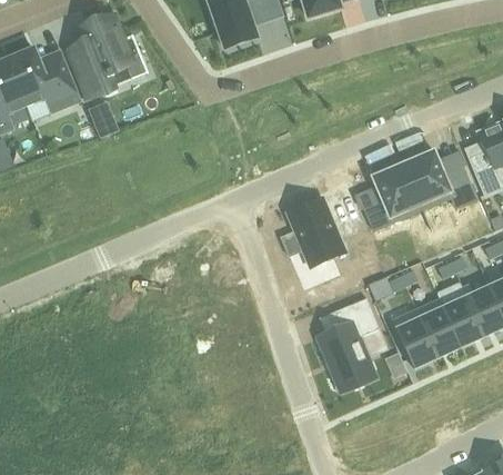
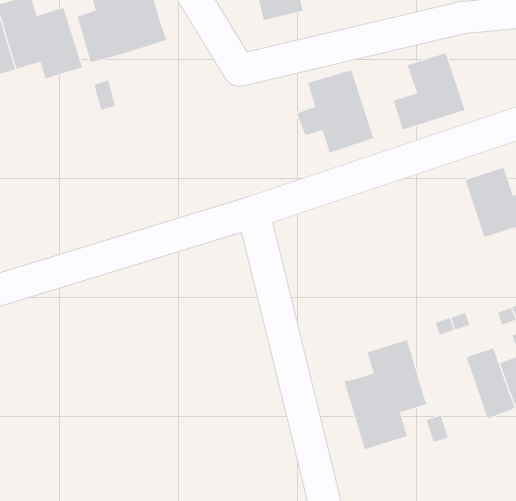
building: [361,162,421,229] -> [393,52,465,130]
building: [280,197,345,267] -> [296,69,374,153]
building: [390,307,437,367] -> none

